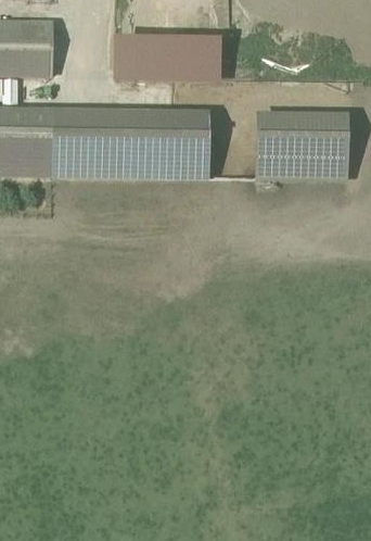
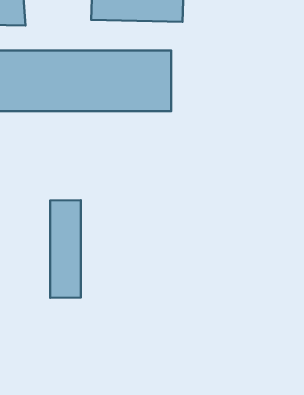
building: [258,109,350,174] -> none
building: none -> [50,200,81,298]

